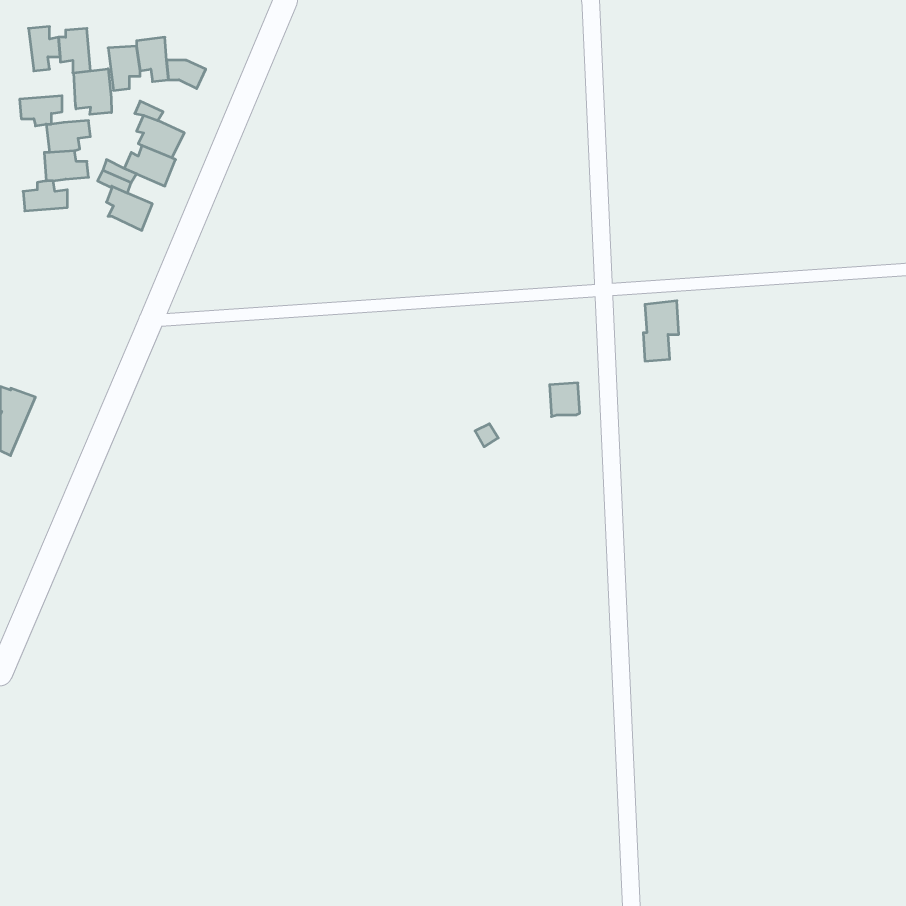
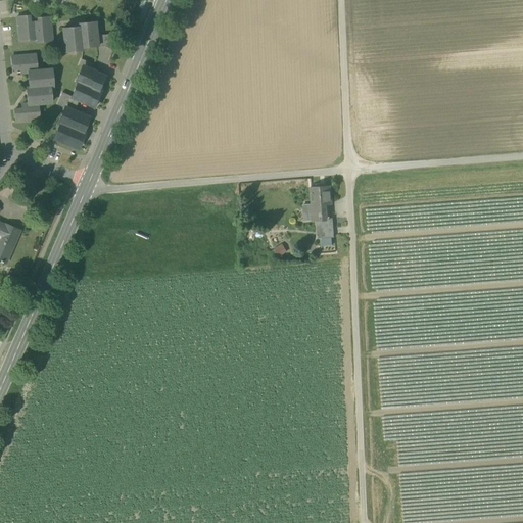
building: [74,69,111,114] -> none
building: none -> [54,125,84,148]
building: [643,301,679,361] -> [310,186,330,221]

